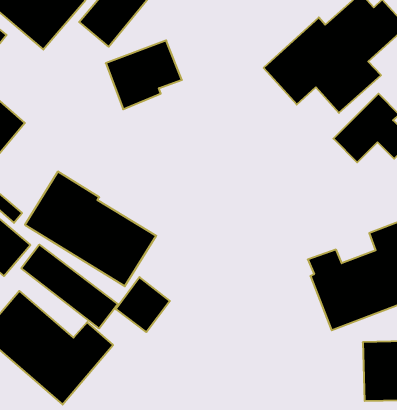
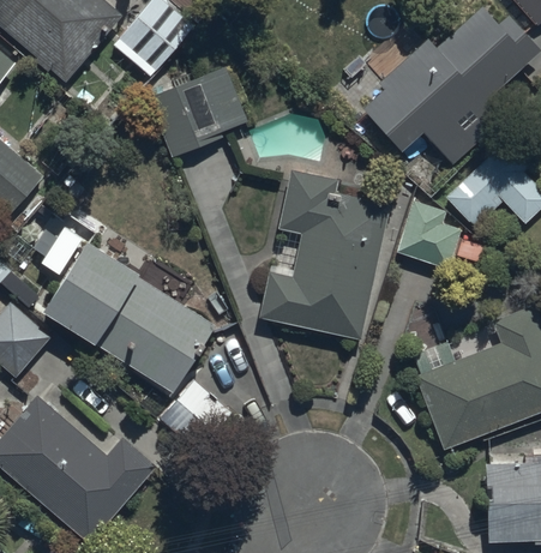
building: none -> [258,169,390,338]
building: none -> [396,200,485,270]
building: [21,245,118,328] -> none

